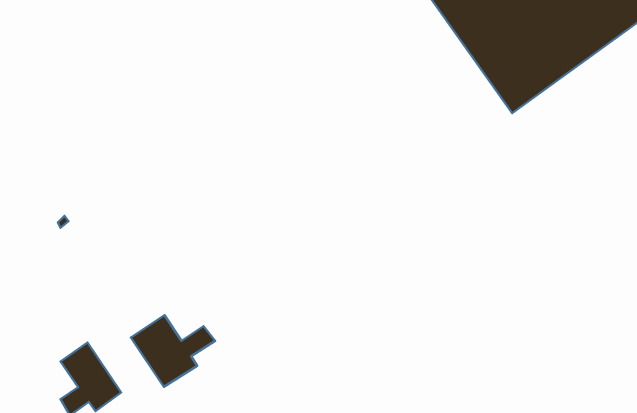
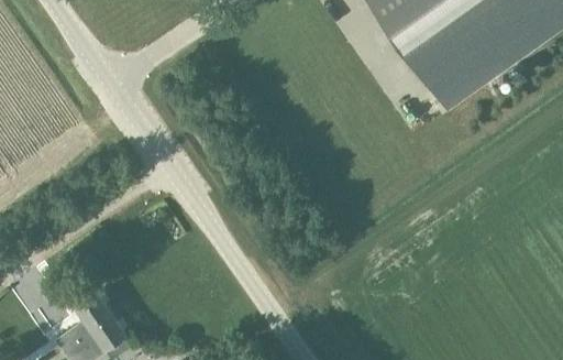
building: [131,315,215,387] -> none

